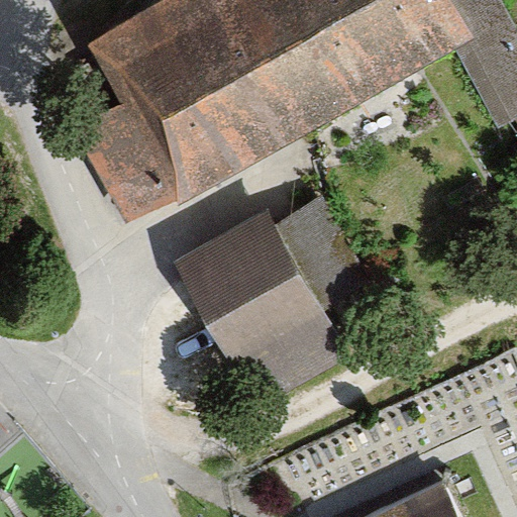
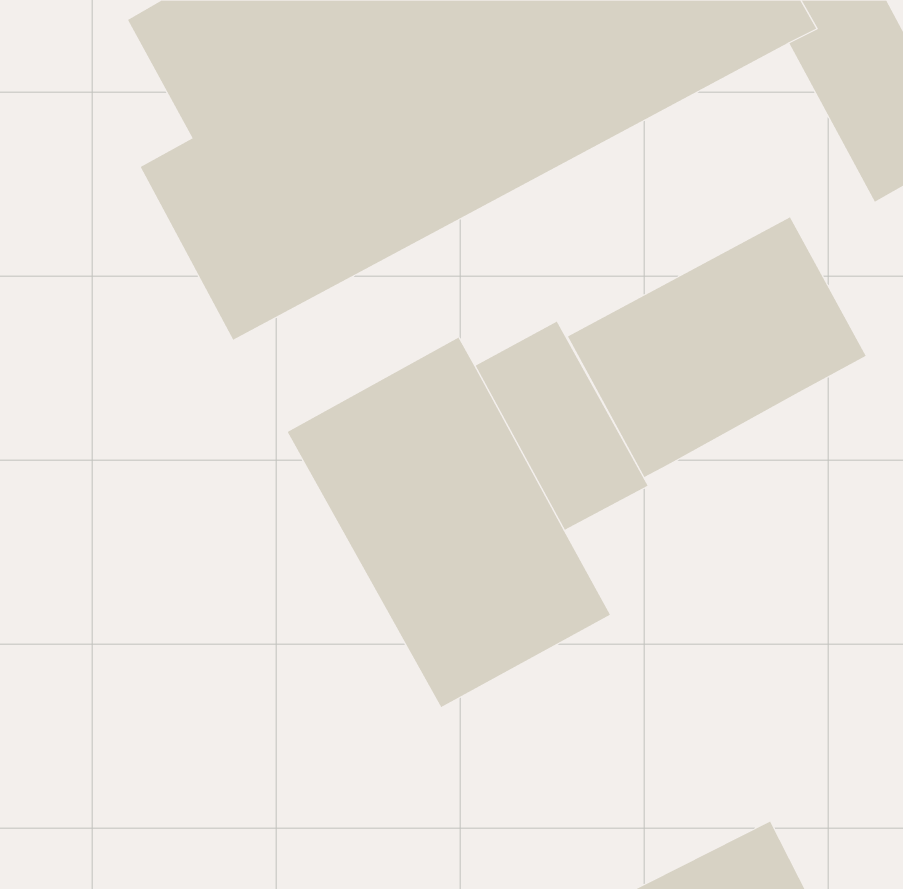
building: none -> [567,216,867,478]

